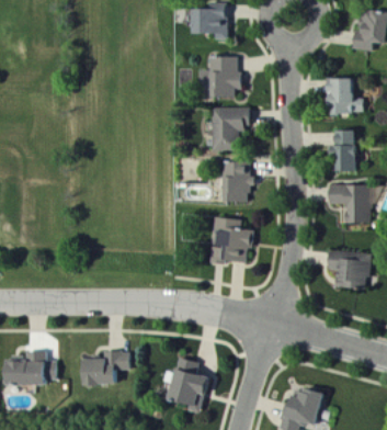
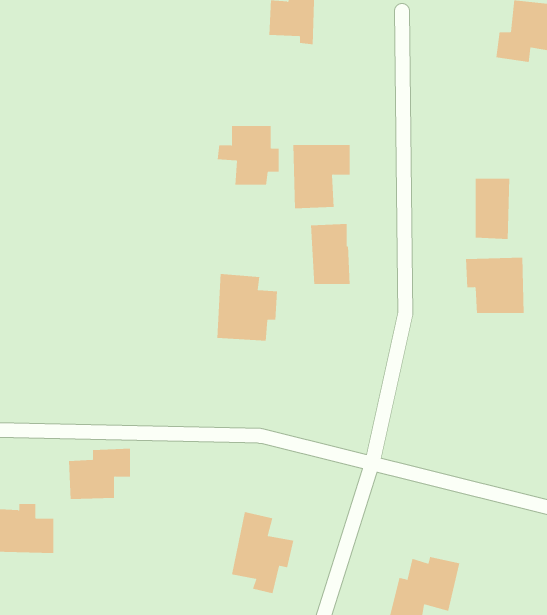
building: [198,57,241,98] -> [217,126,280,185]
building: [327,78,363,112] -> none
building: [209,217,251,263] -> [217,274,278,341]
building: [325,250,367,288] -> none
building: [86,351,128,386] -> [68,448,131,500]

